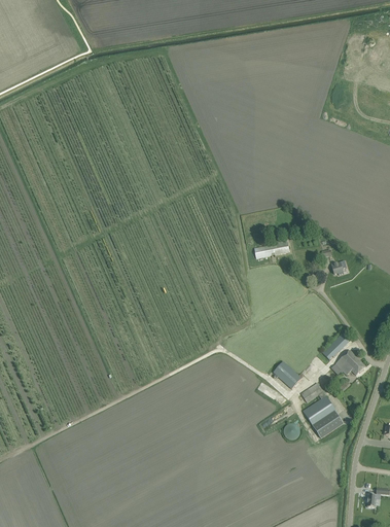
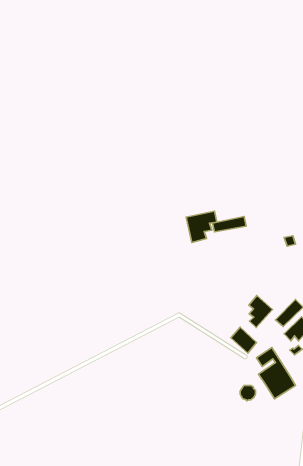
building: none -> [186,211,217,243]
building: none -> [249,295,272,327]

